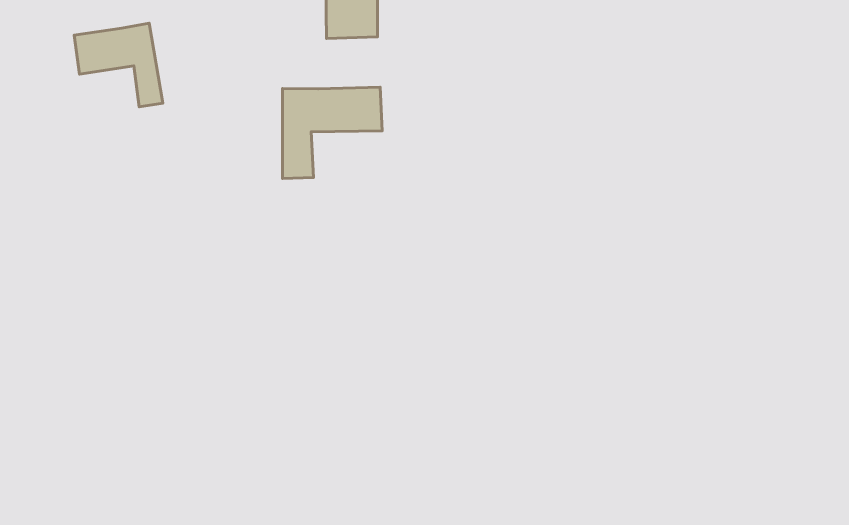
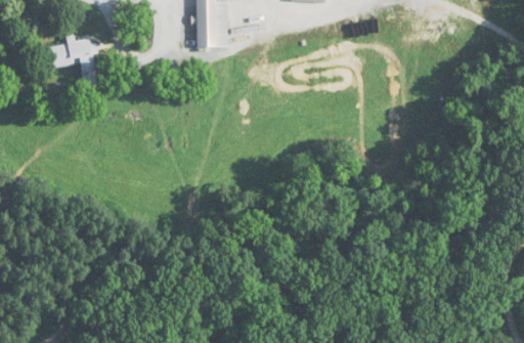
building: [282,87,382,178] -> none

